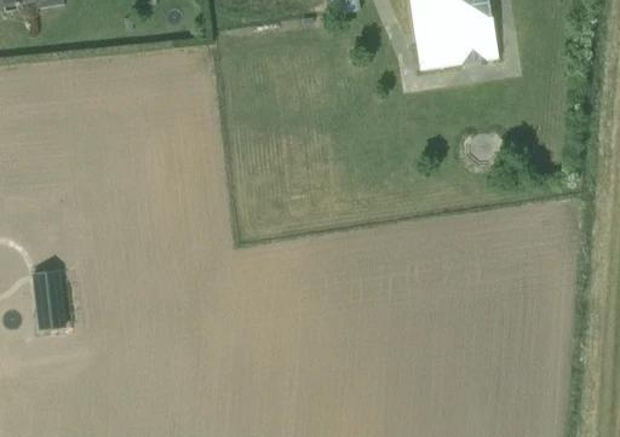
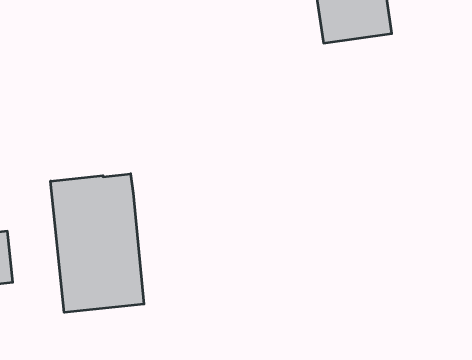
building: none -> [51,174,144,312]

